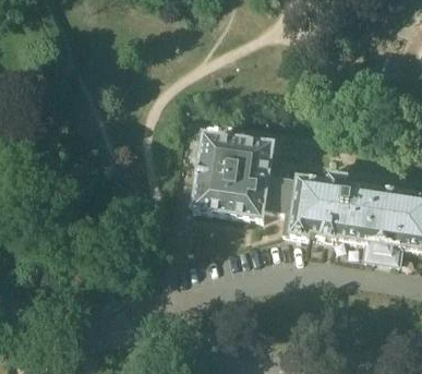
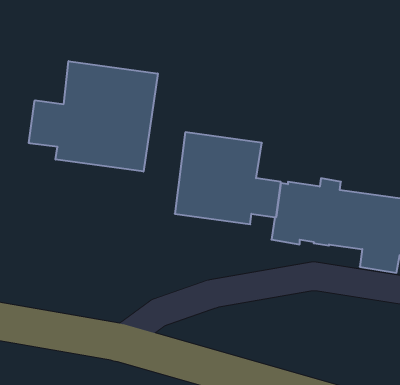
building: none -> [29,61,158,172]

